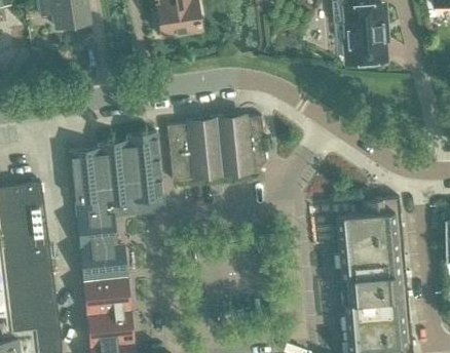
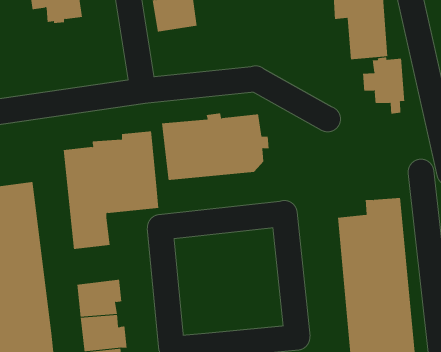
building: none -> [363,57,405,114]
building: [80,244,125,282] -> none

